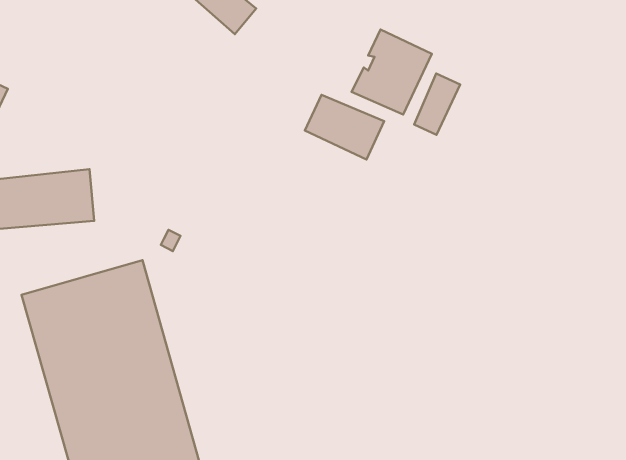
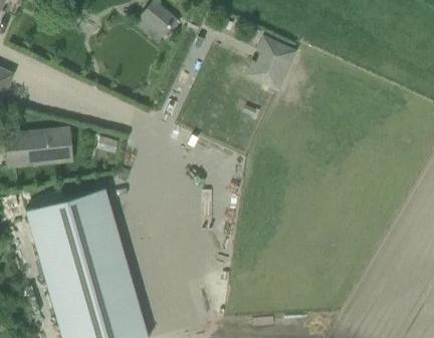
building: [414,74,460,135] -> none
building: [305,95,384,160] -> none

